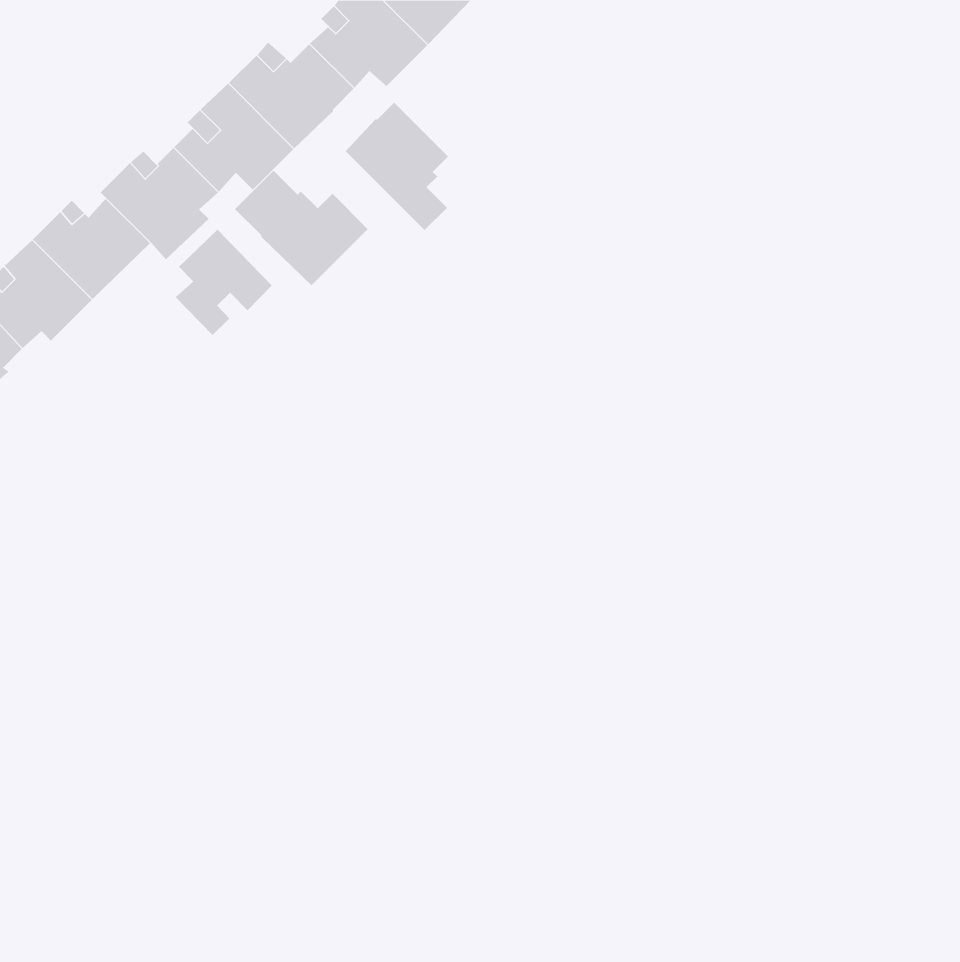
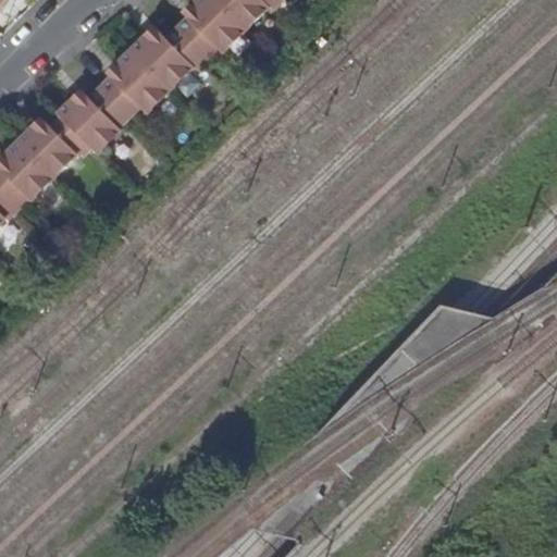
building: [345,102,449,231] -> none
building: [234,170,369,286] -> none
building: [175,229,273,336] -> none

